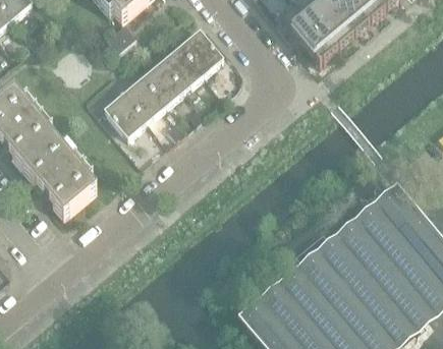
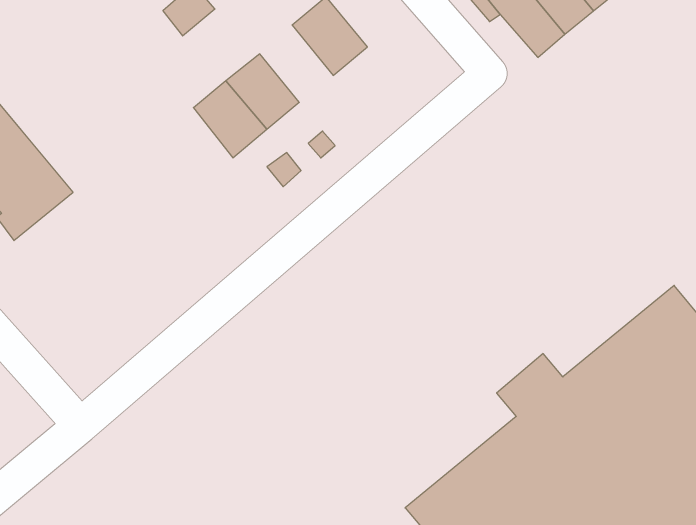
building: [163,42,205,85] -> none
building: [106,89,148,133] -> none
building: [23,136,98,213] -> none

